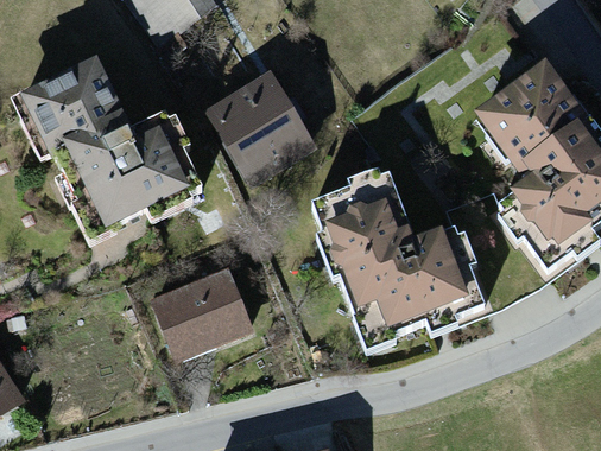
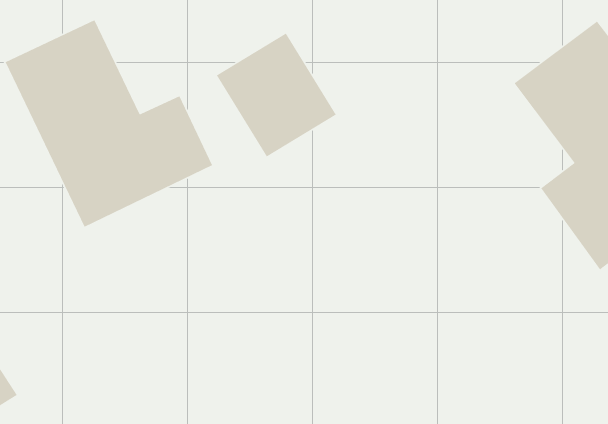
building: [316,180,470,331] -> none
building: [150,265,254,361] -> none

